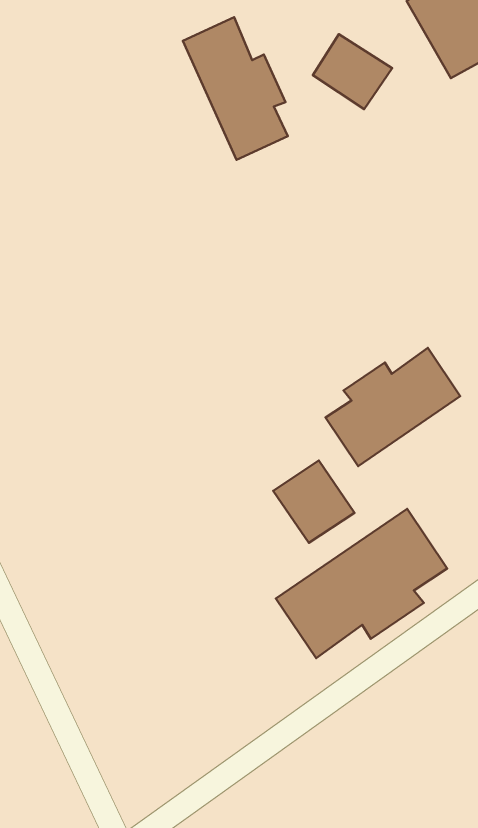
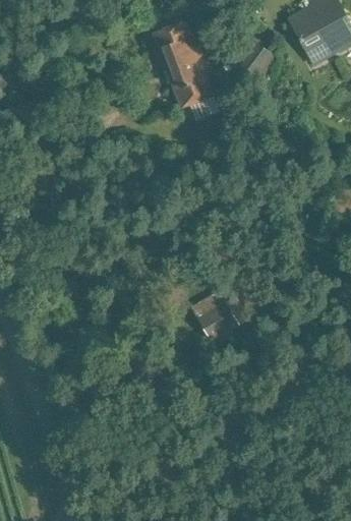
building: [326,348,460,466] -> none
building: [276,509,447,658] -> none

